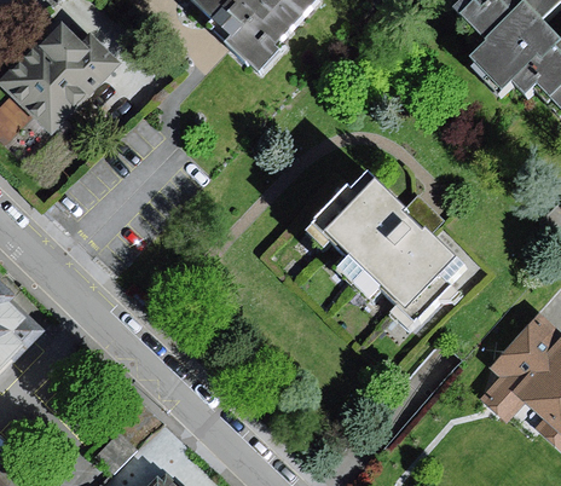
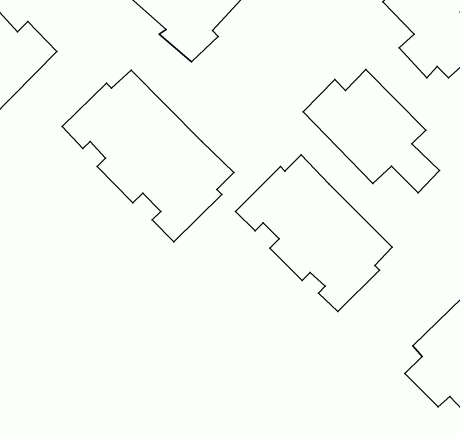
building: none -> [303,69,440,193]
building: none -> [62,70,234,242]

